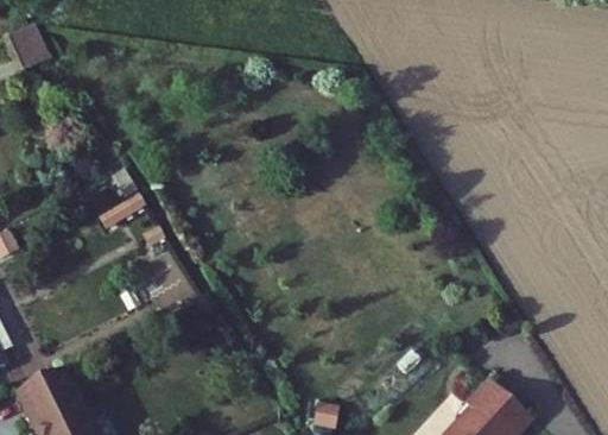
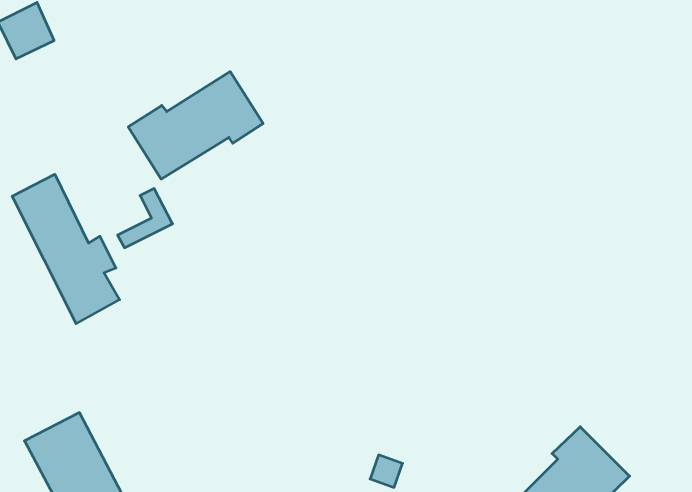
building: none -> [128,72,263,179]
building: none -> [12,174,120,324]

